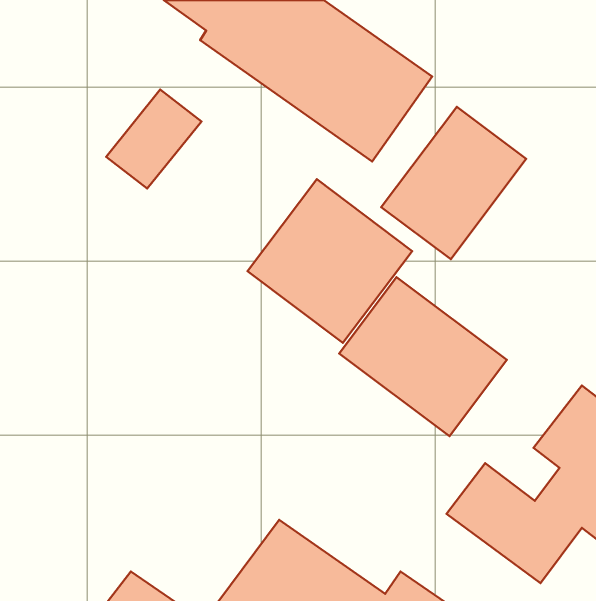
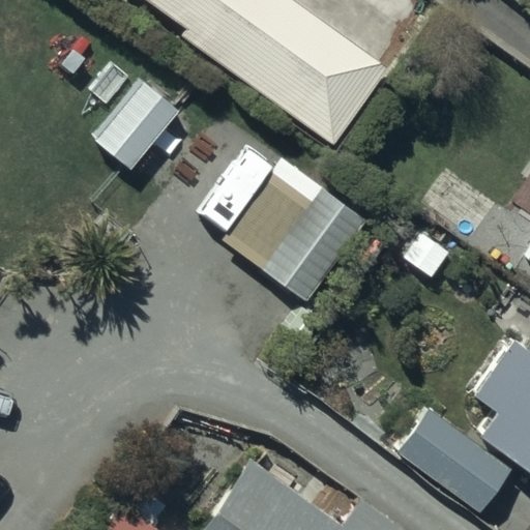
building: [381,107,526,259] -> none
building: [339,277,507,436] -> none

